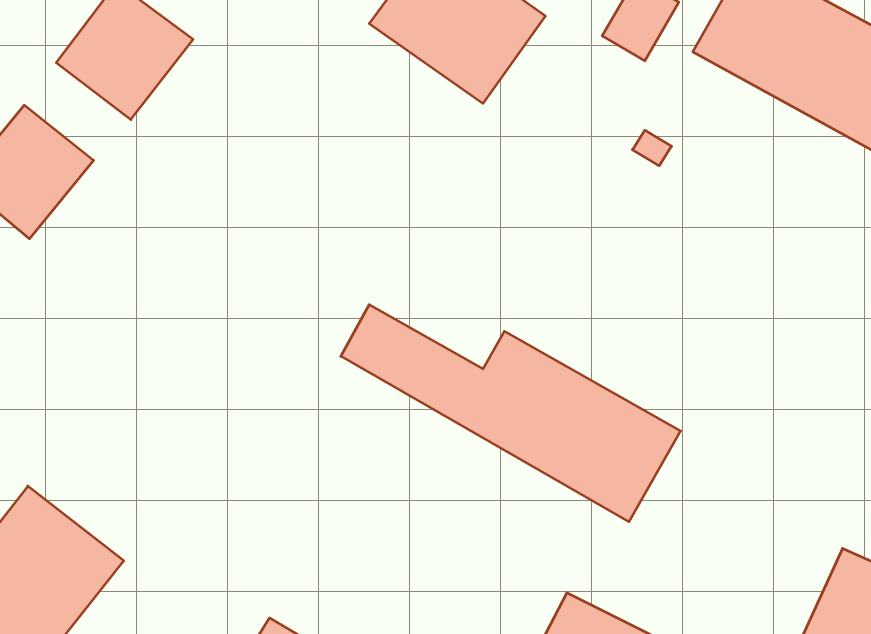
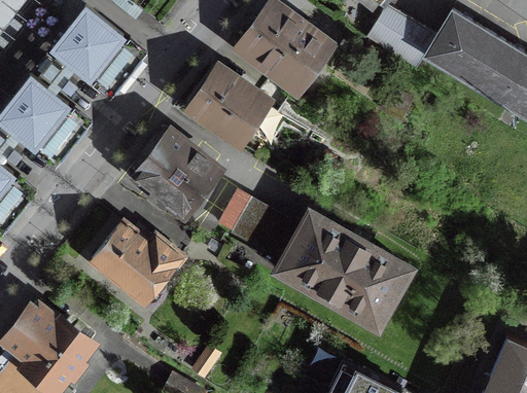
building: none -> [181,51,275,141]
building: none -> [131,117,225,210]
building: none -> [82,213,185,311]

